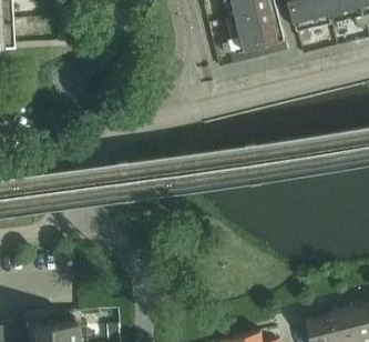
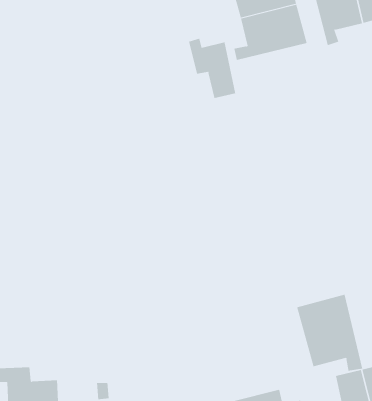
building: none -> [189,38,236,99]
building: none -> [296,294,363,372]

